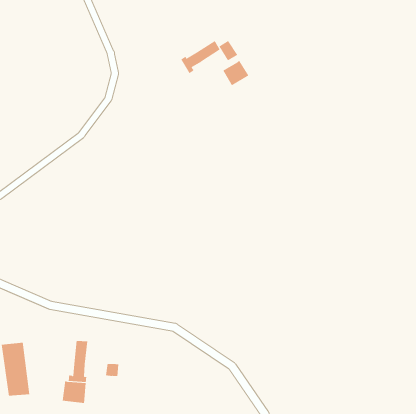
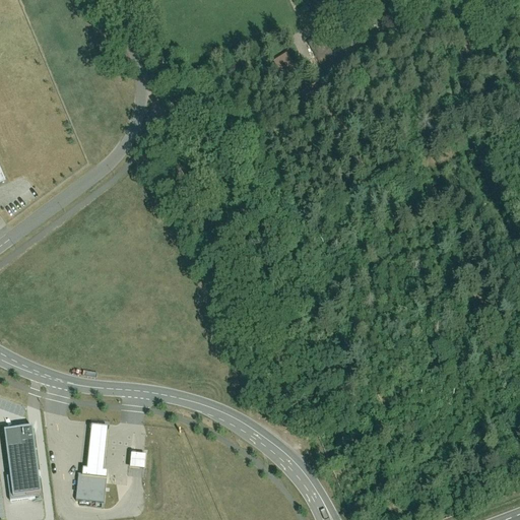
building: [180,40,221,74] -> none
building: [223,60,249,86] -> none

